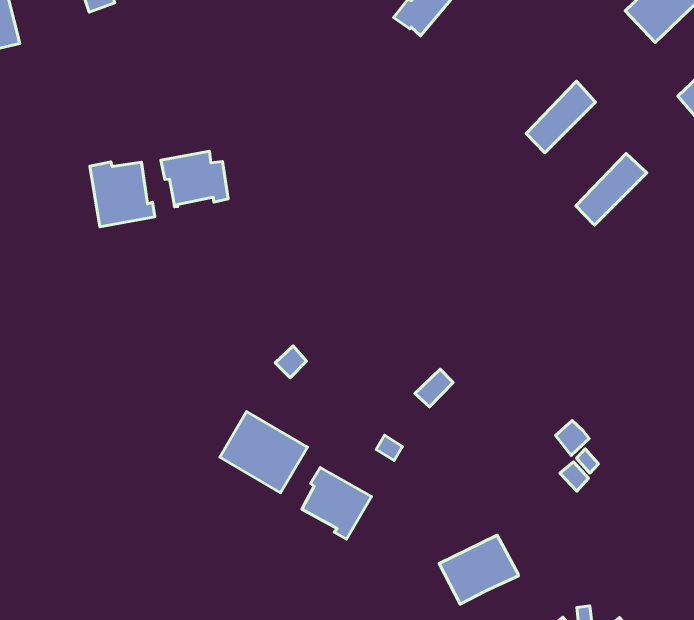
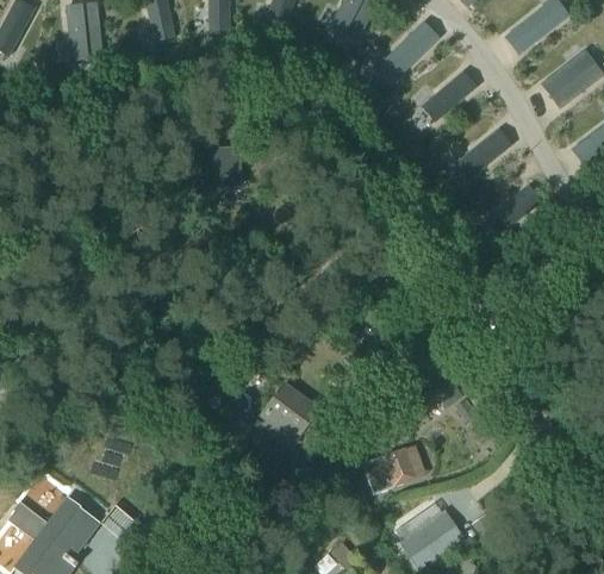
building: none -> [423,71,477,120]
building: [90,162,155,227] -> none
building: [220,412,307,493] -> none

